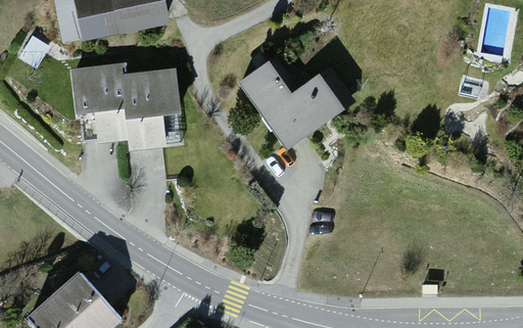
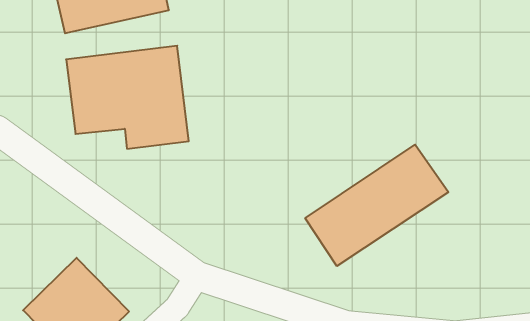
building: [232,53,347,153] -> none
building: none -> [305,145,448,266]

